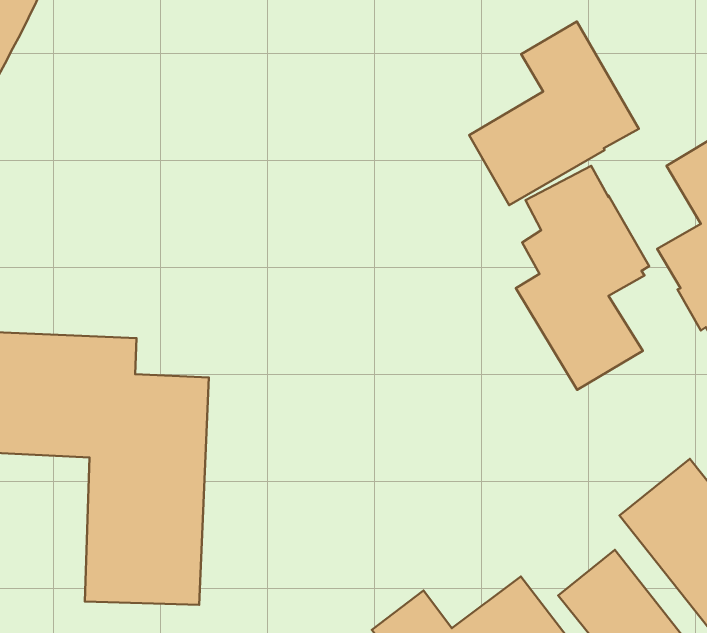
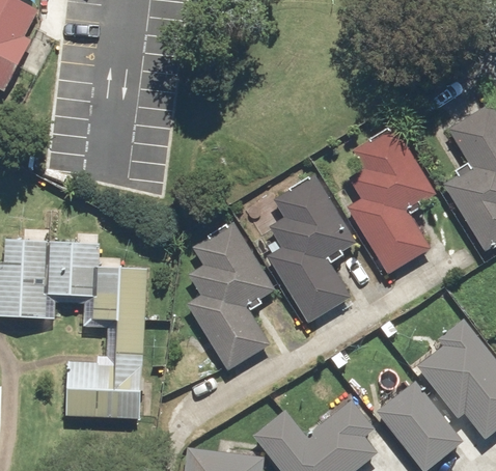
building: [469,22,639,205] -> none
building: none -> [267,176,356,325]
building: none -> [187,223,275,371]

